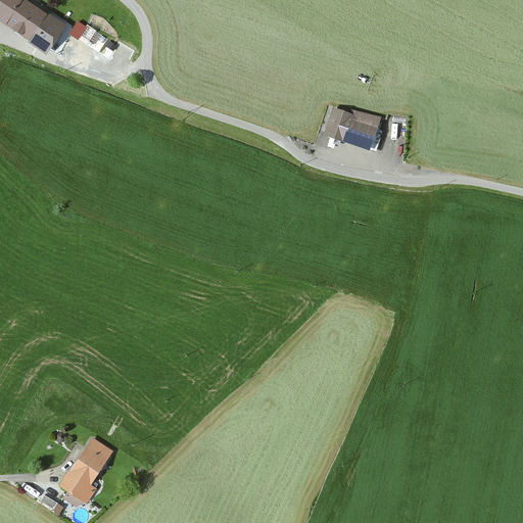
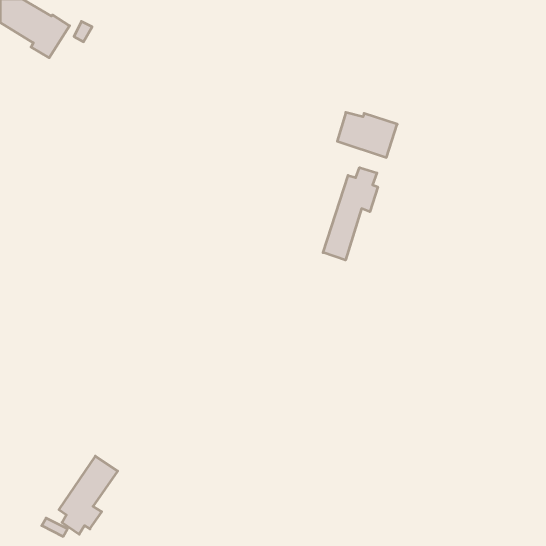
building: none -> [323,168,378,260]

